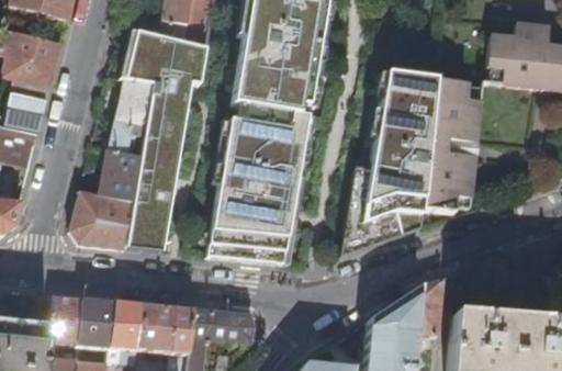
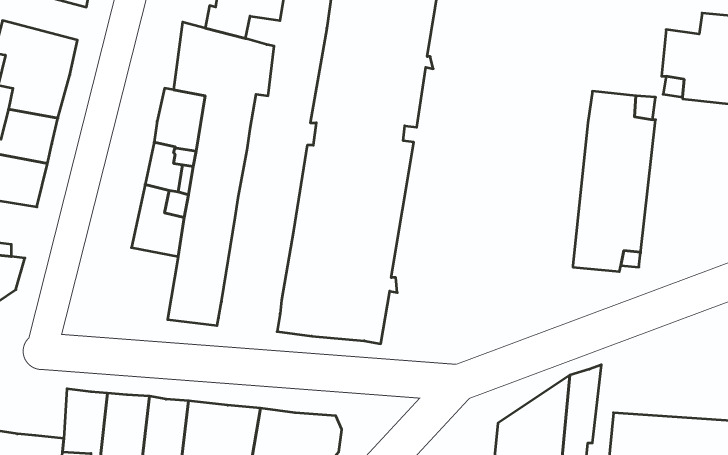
building: [340,71,438,255] -> none
building: [71,188,135,245] -> none

